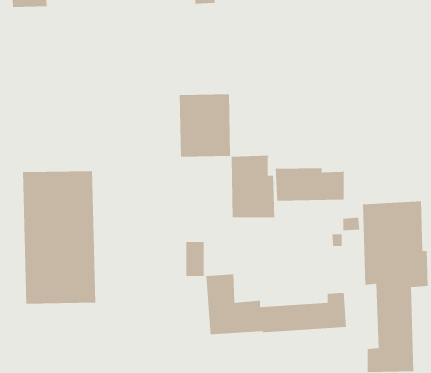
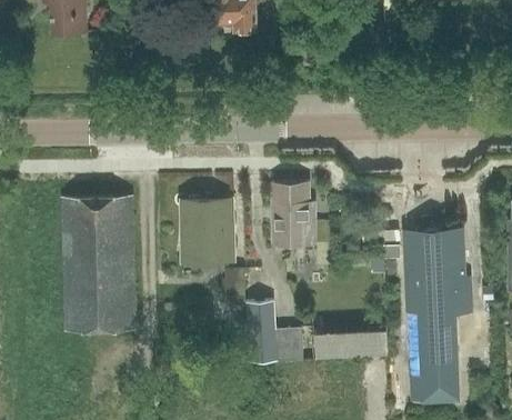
building: [179,93,231,158] -> [181,200,233,264]
building: [275,168,345,201] -> none

